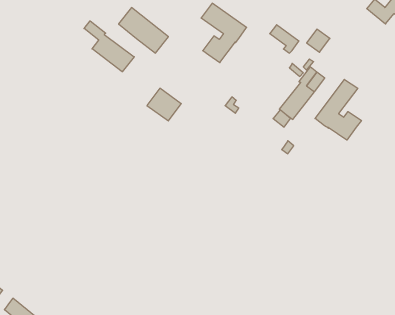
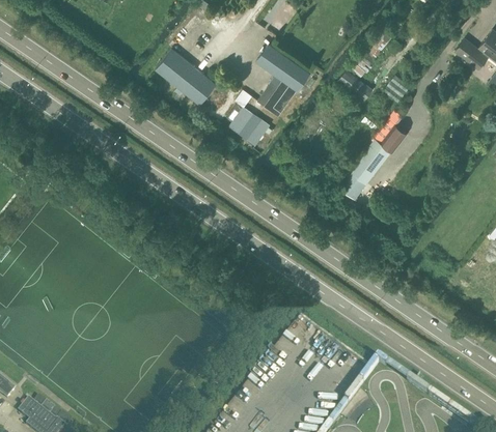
building: [84,21,134,72] -> none
building: [315,79,361,140] -> none
building: [147,88,181,121] -> [227,106,269,145]

